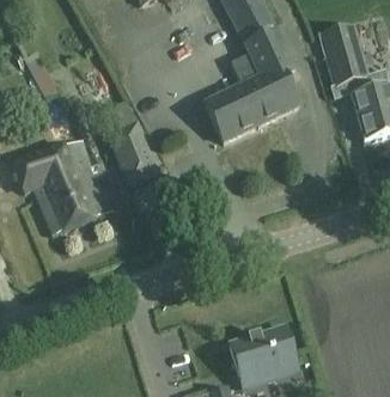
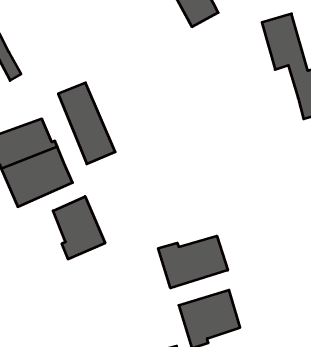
building: [203,28,298,141] -> none
building: none -> [53,196,105,259]
building: none -> [158,236,228,288]

